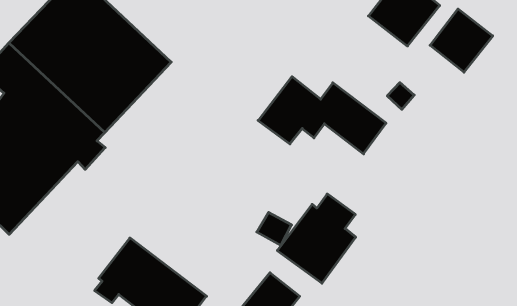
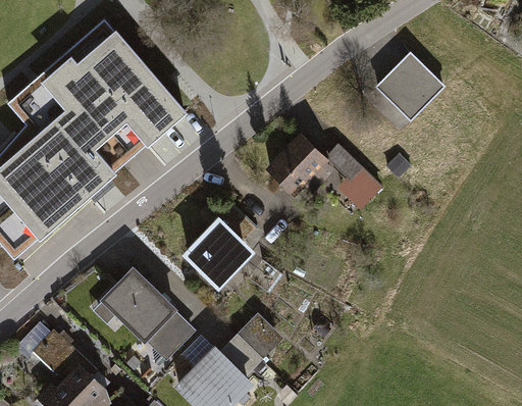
building: [430,9,493,72] -> none
building: [277,194,356,283] -> [182,204,260,288]

